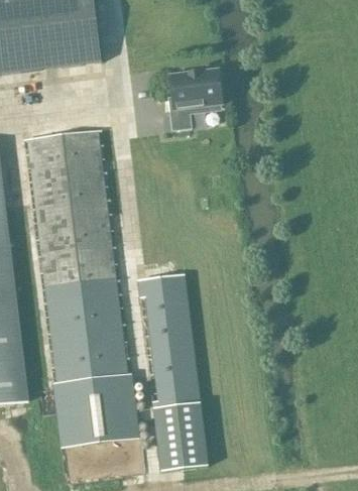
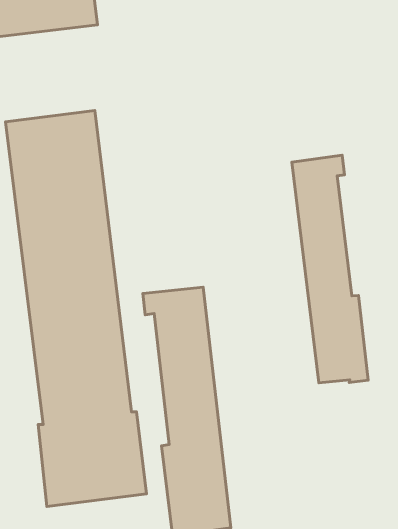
building: [162,68,220,130] -> none
building: none -> [292,155,368,383]

